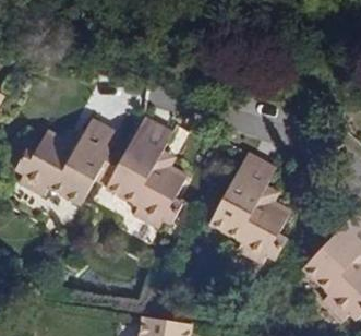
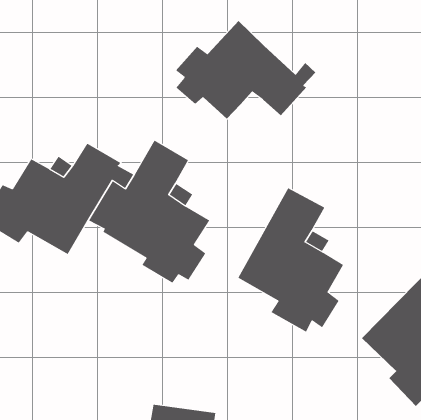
building: none -> [175,20,316,119]

